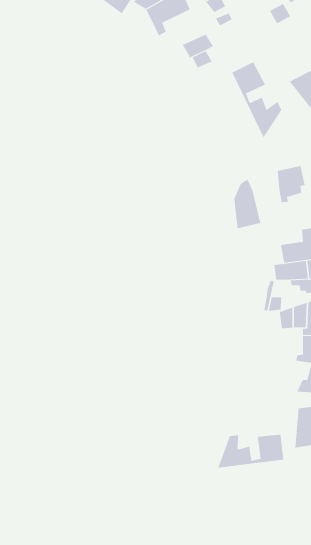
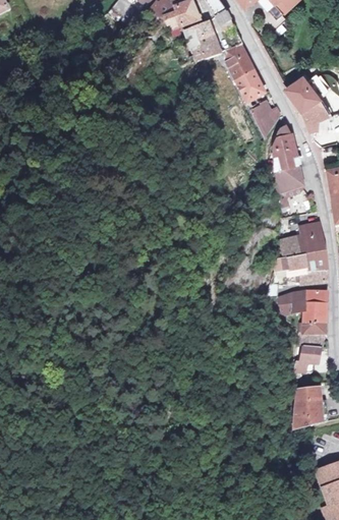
building: none -> [179,22,211,52]
building: none -> [224,41,255,77]
building: [233,179,261,229] -> [273,122,298,168]
building: [217,434,284,469] -> none

